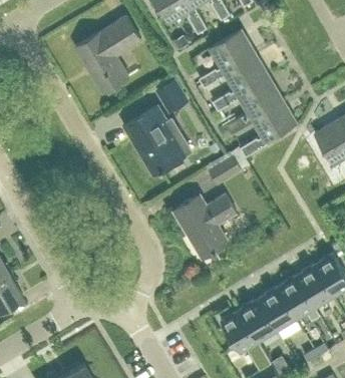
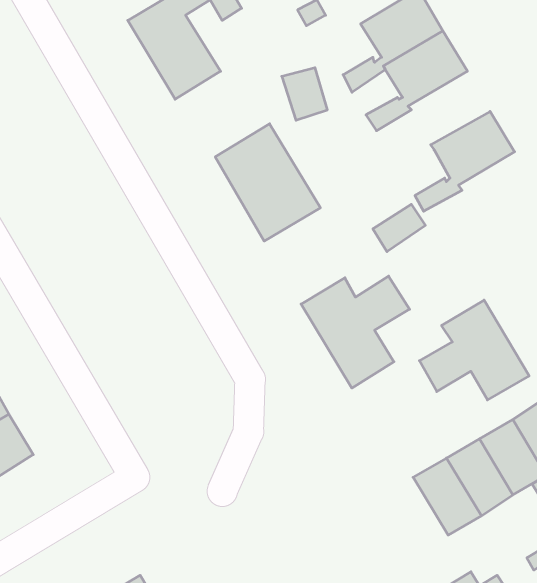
building: [226,77,283,134] -> none
building: none -> [419,300,529,400]
building: [220,310,259,354] -> none

